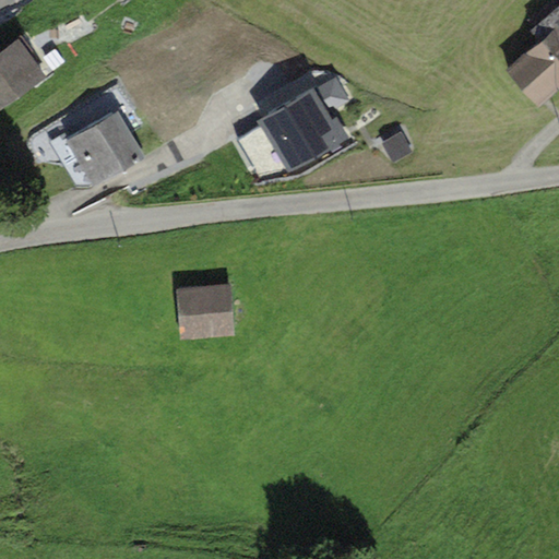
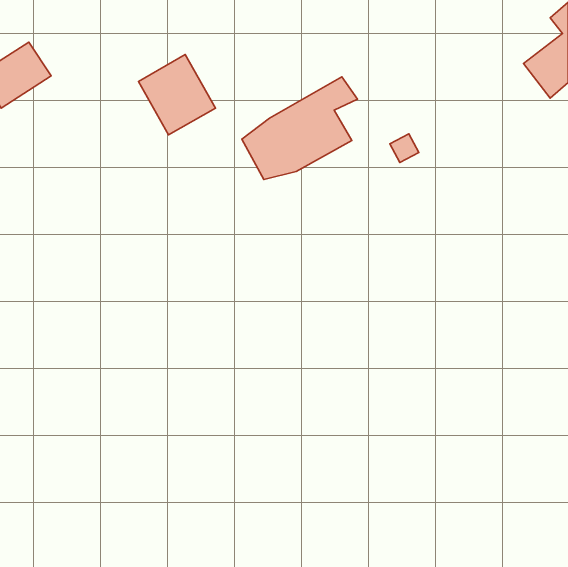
building: [64,110,140,189] -> [139,55,215,135]
building: [177,284,237,337] -> none

